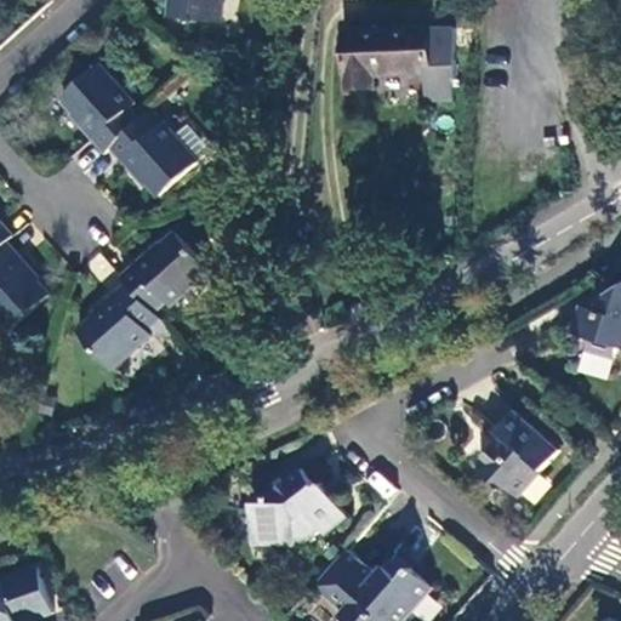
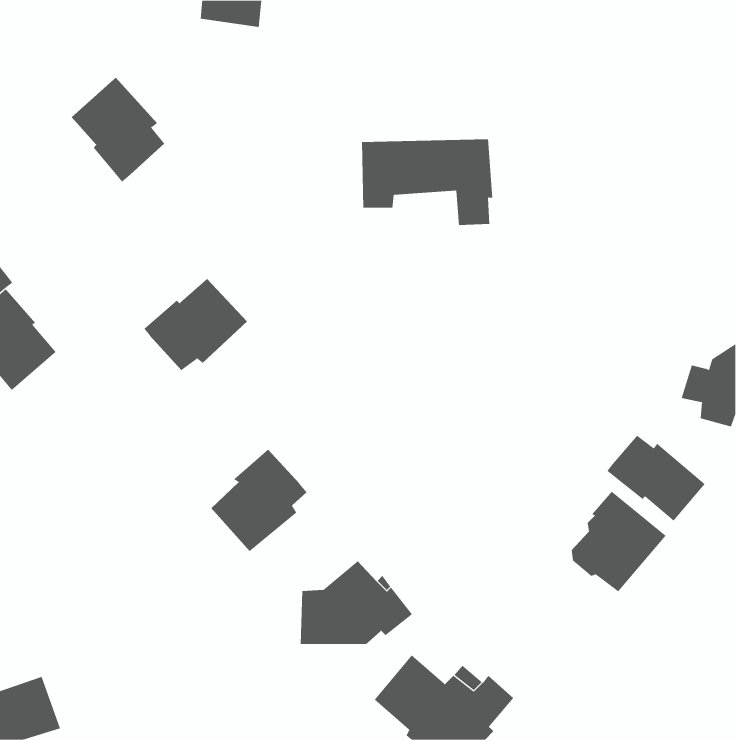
building: [343,28,454,101] -> [361,139,493,226]
building: [109,114,196,195] -> none
building: [76,281,158,368] -> [210,449,307,552]
building: none -> [607,435,705,521]

